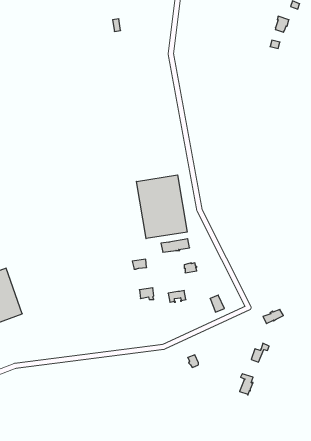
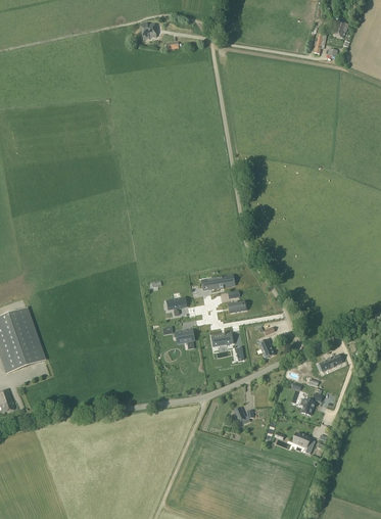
building: [136,175,187,239] -> none

